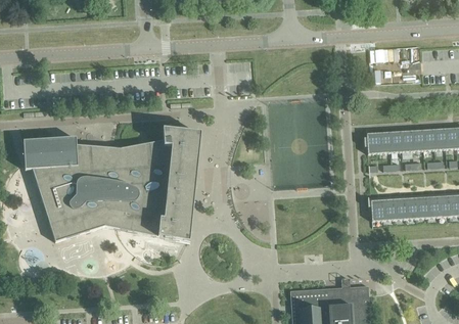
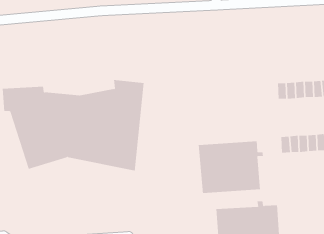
building: none -> [198,140,264,194]

